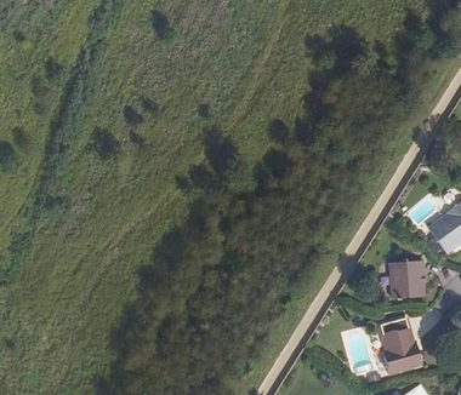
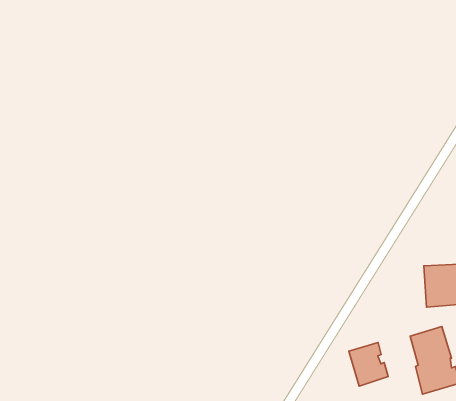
building: none -> [349,343,388,386]

